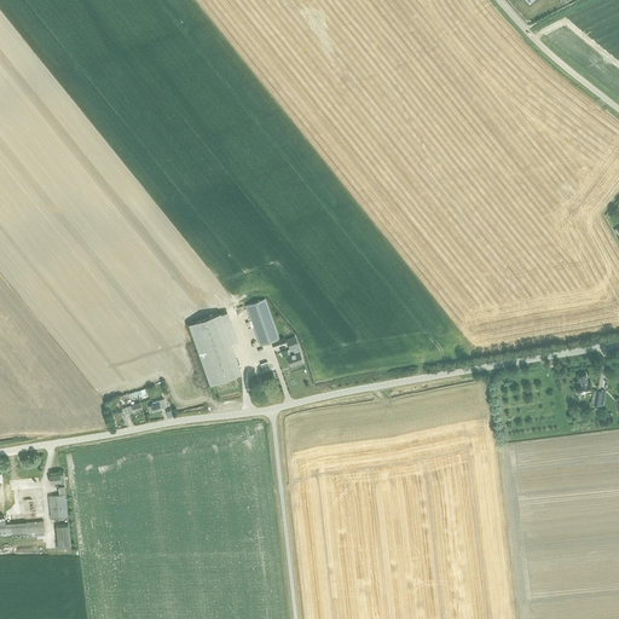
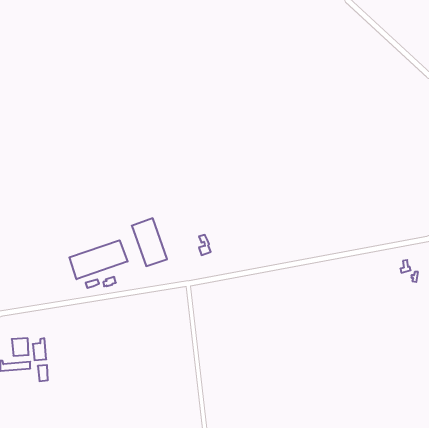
building: [245,301,279,347] -> none
building: none -> [69,240,128,279]

